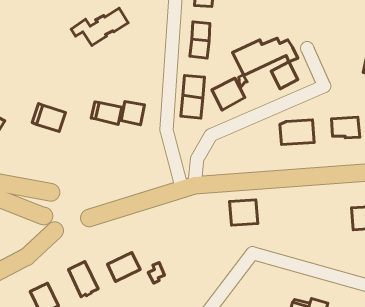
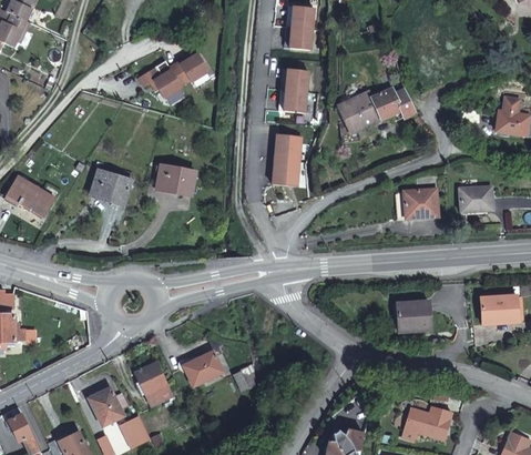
building: [271,62,298,89] -> none
building: [212,78,245,110] -> none
building: [121,102,145,125] -> none
building: [230,200,258,225] -> [396,300,430,331]

